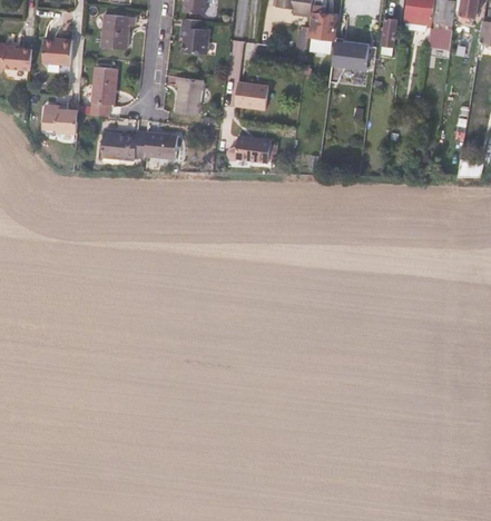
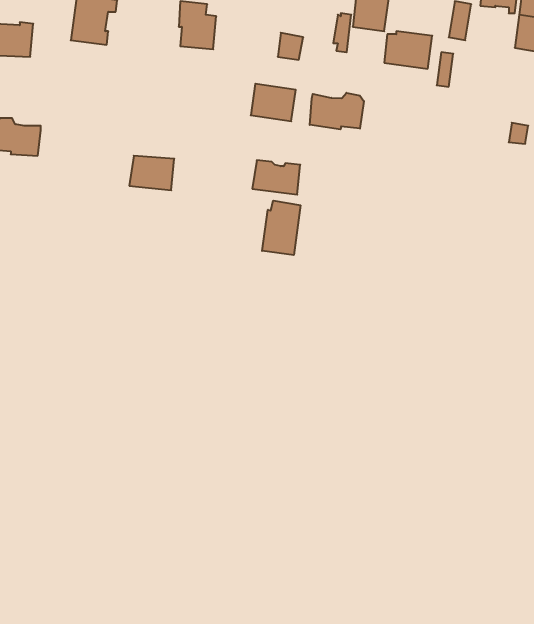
building: [89,67,117,117] -> none
building: [175,77,203,115] -> none
building: none -> [310,93,364,129]
building: [100,130,147,160] -> none
building: none -> [262,201,300,255]

